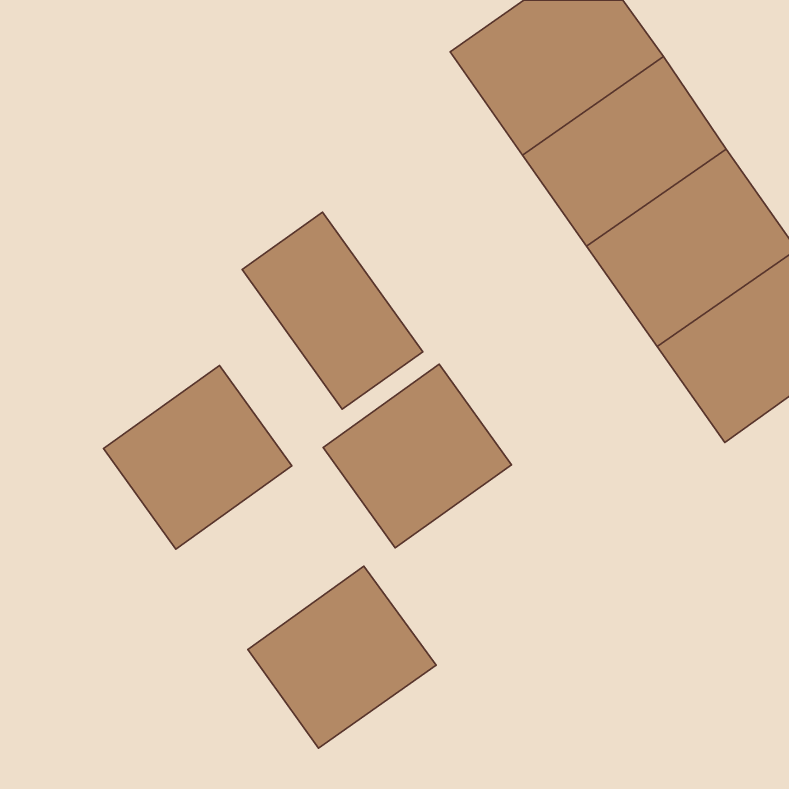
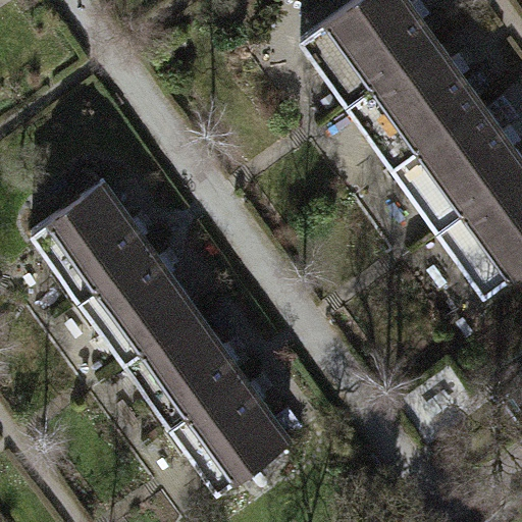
building: [242,212,423,409] -> none
building: none -> [29,181,151,300]
building: [323,364,511,548] -> [122,311,245,430]

